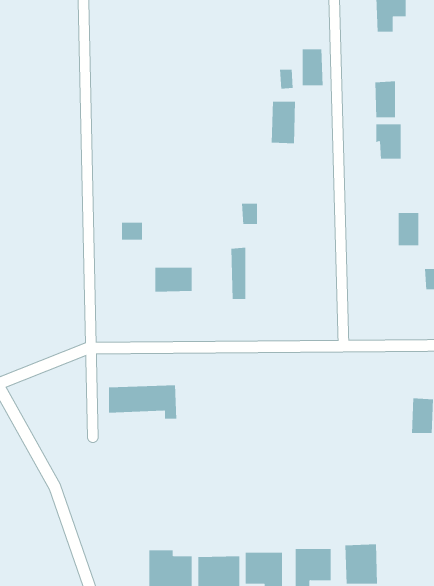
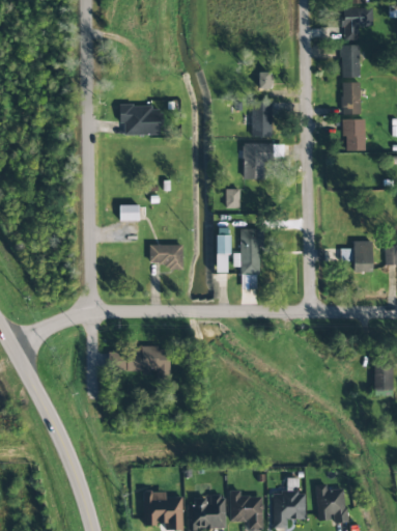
building: [302,49,323,86] -> [342,45,361,77]
building: none -> [120,106,162,135]
building: none -> [244,143,274,178]
building: [398,213,419,246] -> [355,242,373,271]
building: none -> [234,228,264,289]

